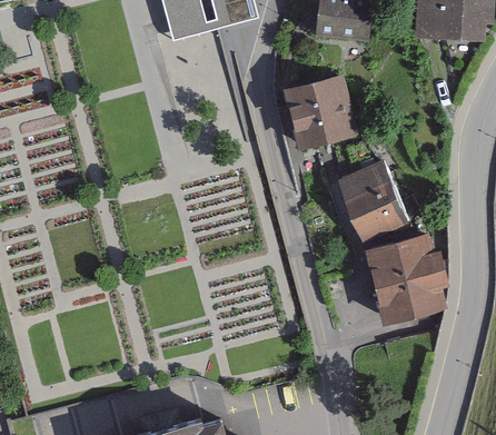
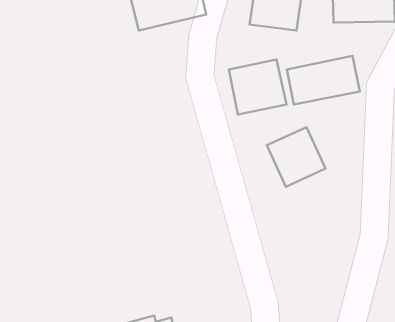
building: none -> [287,56,360,105]
building: [359,240,435,320] -> none

